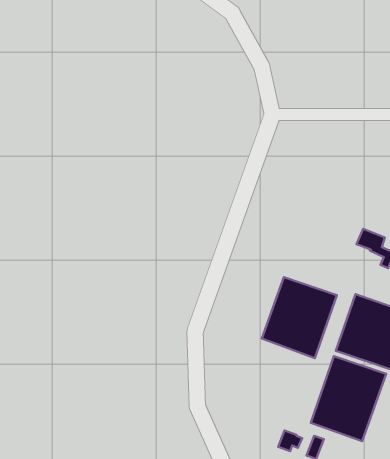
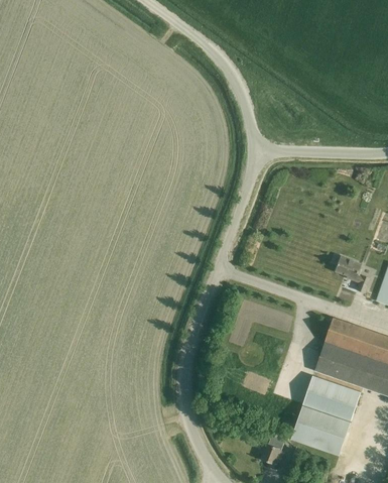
building: [262,277,337,358] -> none

